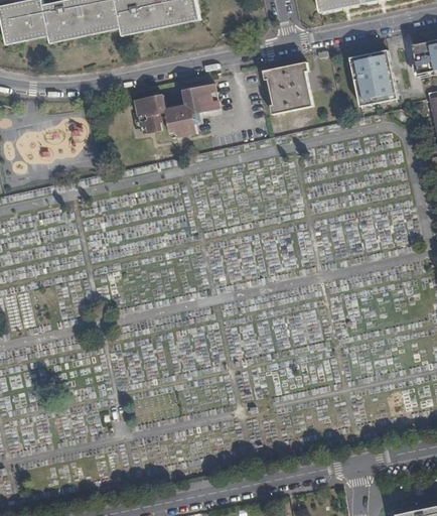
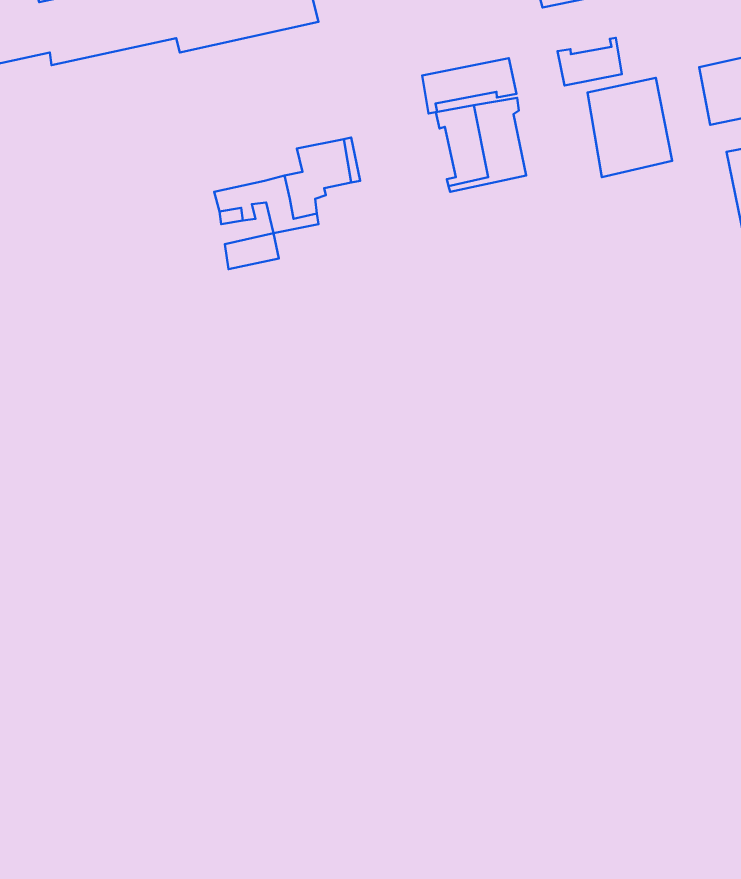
building: none -> [557,38,622,86]
building: none -> [422,58,516,113]
building: [136,94,166,114] -> [225,233,279,269]

